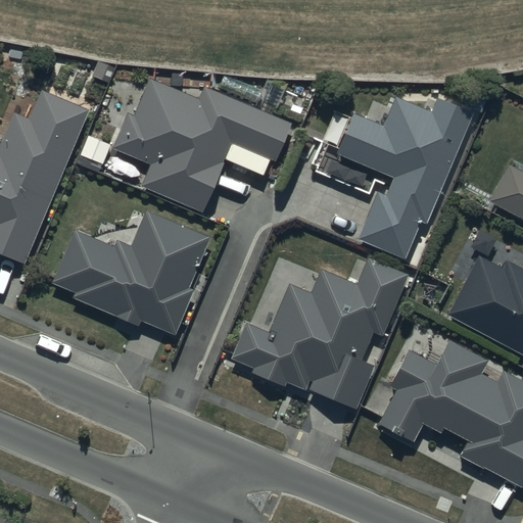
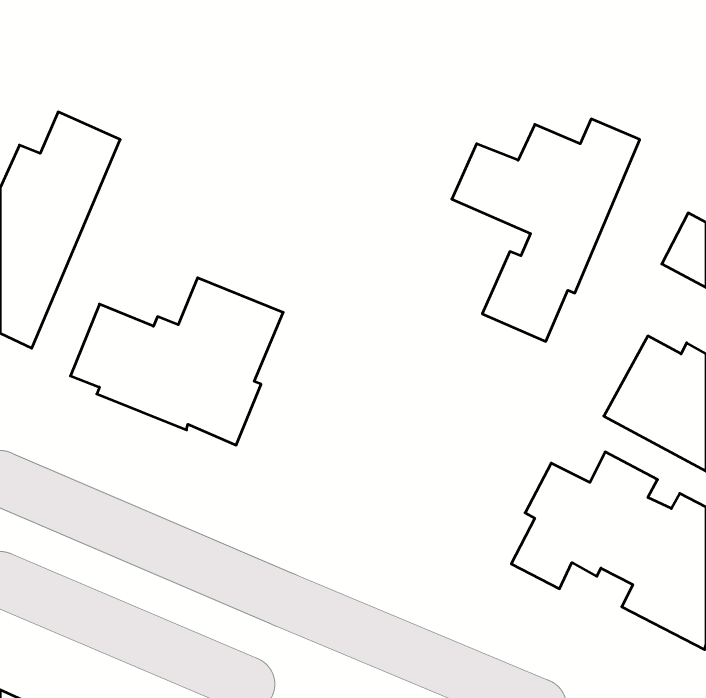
building: [113,72,290,215] -> none
building: [231,256,410,409] -> none

